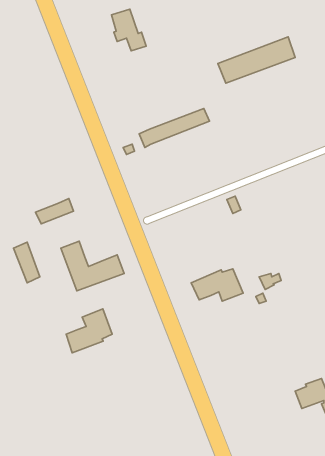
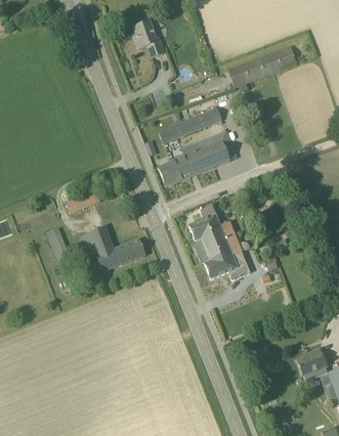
building: none -> [158,131,237,185]
building: none -> [188,204,249,263]
building: [66,309,112,353] -> none

